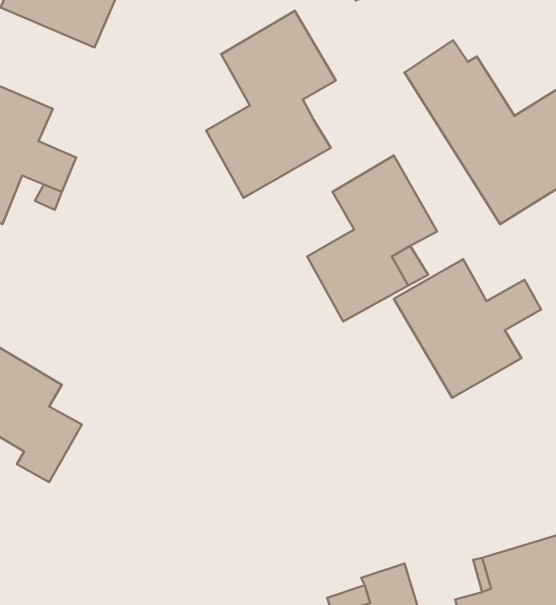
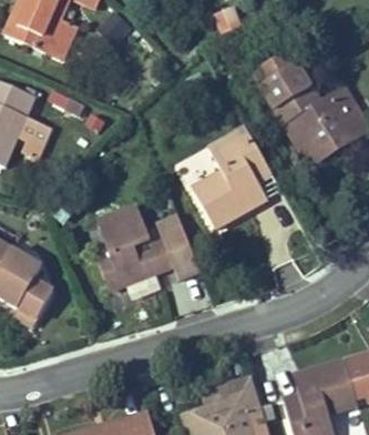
building: [206,11,336,198] -> none
building: [394,259,541,398] -> none
building: none -> [95,204,199,286]

